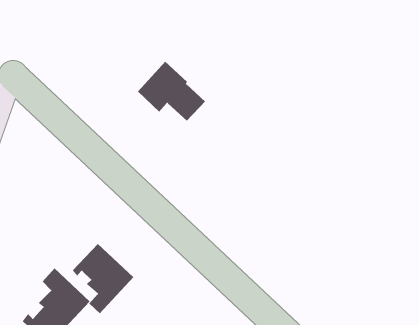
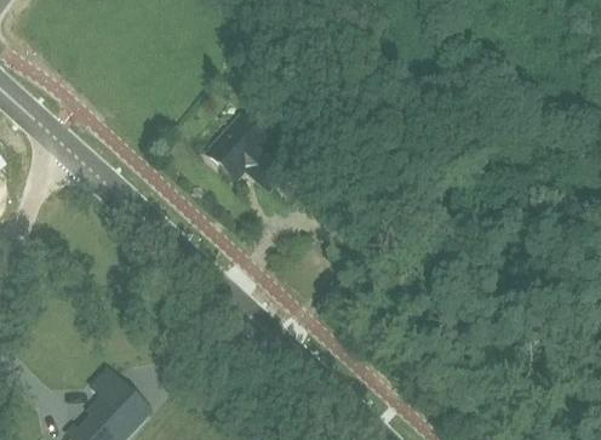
building: [72,243,134,314] -> none

